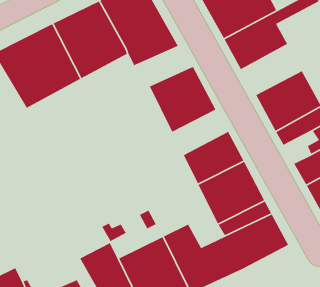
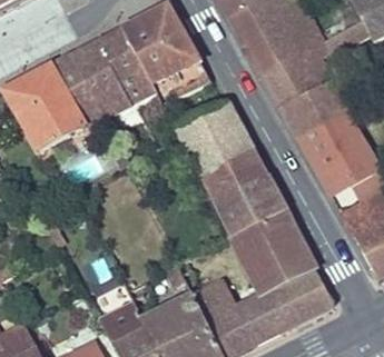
building: none -> [279,78,348,135]
building: none -> [203,151,266,201]

